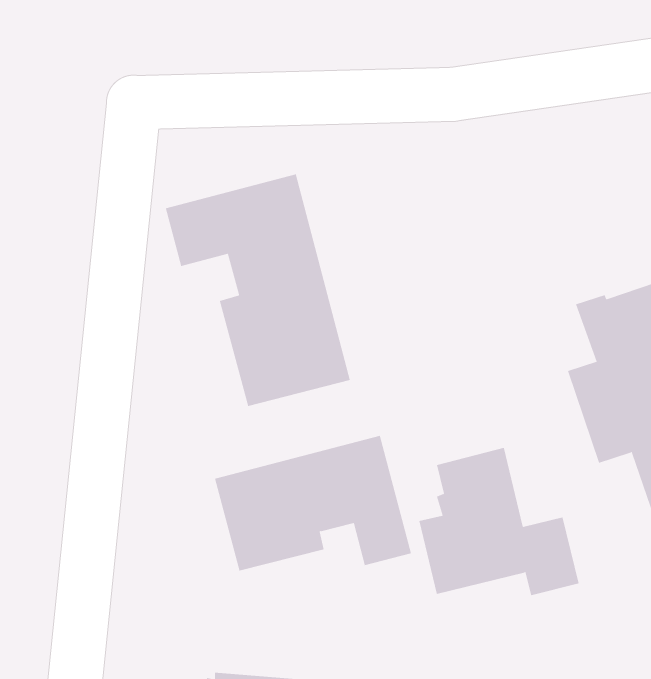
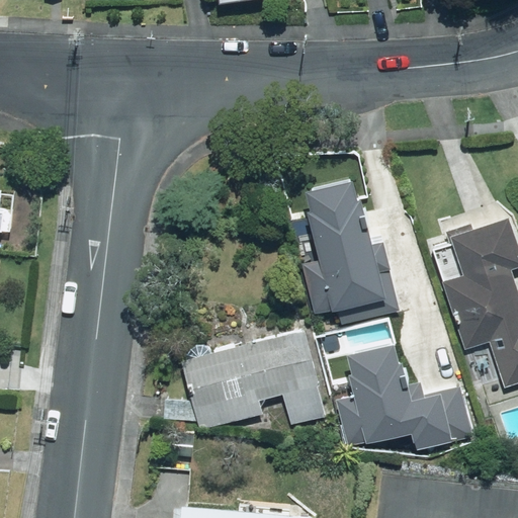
building: [165,174,350,407] -> none
building: none -> [299,176,386,313]

